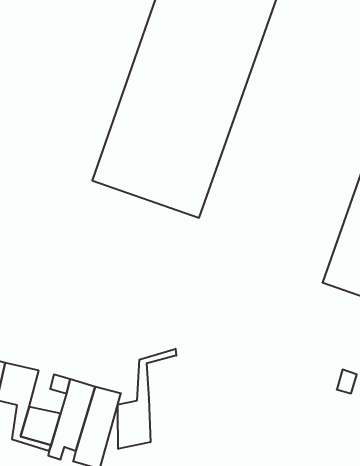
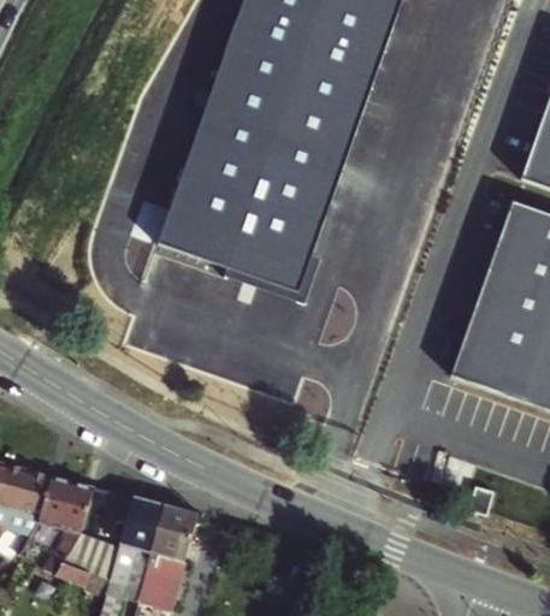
building: [118,349,176,449] -> none

